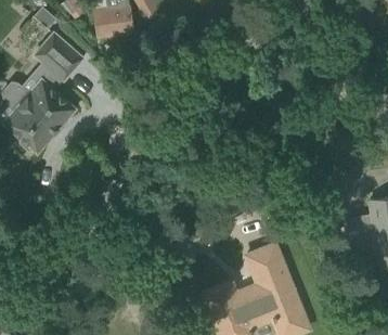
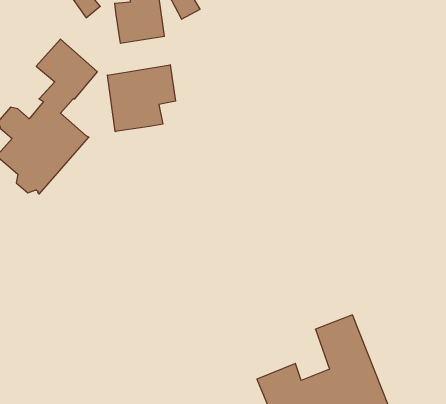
building: none -> [107,65,176,132]

